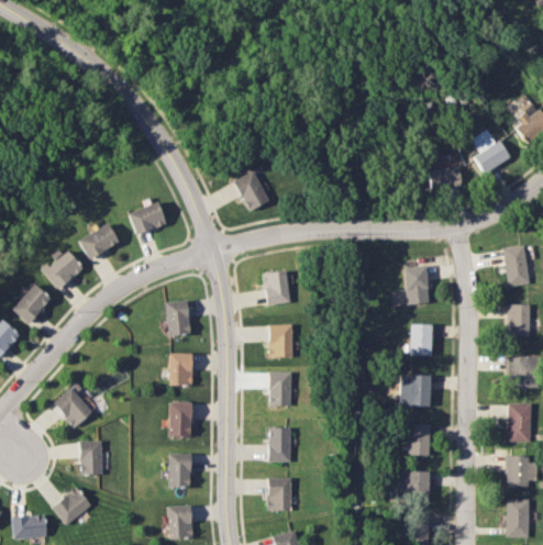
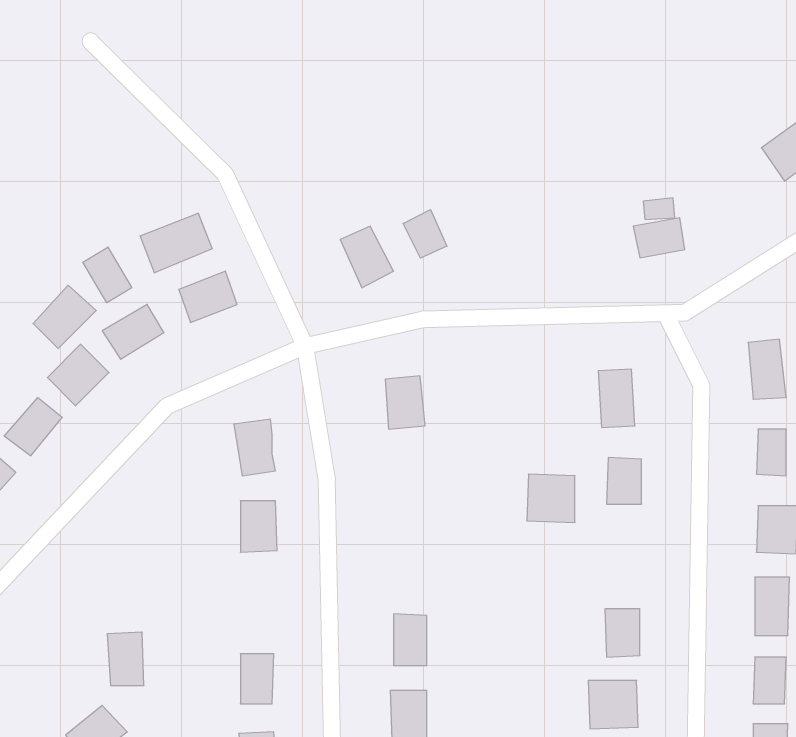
building: [472,129,511,175] -> none
building: none -> [403,210,447,258]
building: none -> [140,213,212,273]
building: none -> [83,247,132,303]
building: none -> [33,285,96,349]
building: [268,324,293,358] -> none
building: [269,371,291,407] -> none
building: [400,375,432,407] -> [527,474,575,522]
building: [55,388,95,427] -> none
building: [168,402,191,437] -> none

